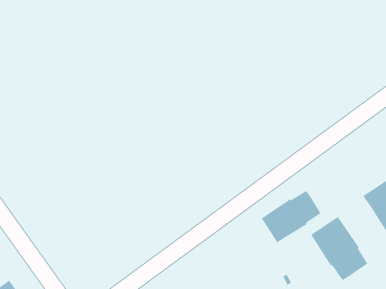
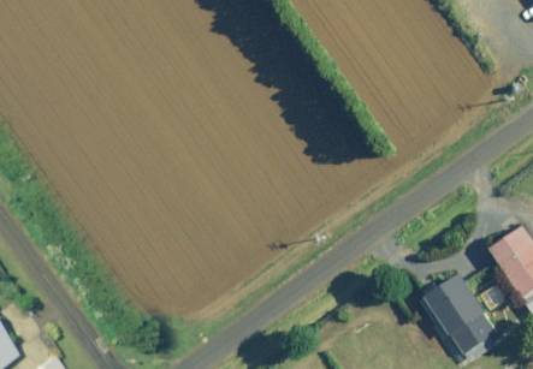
building: [261,190,321,243] -> none

